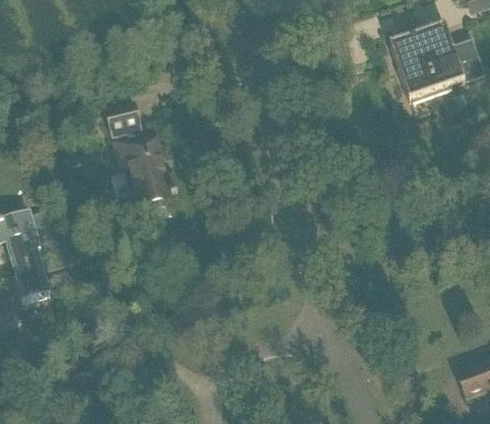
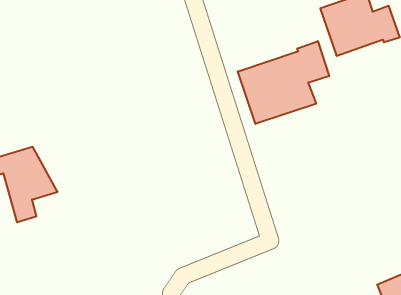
building: none -> [238,41,329,124]
building: [105,102,175,205] -> none

